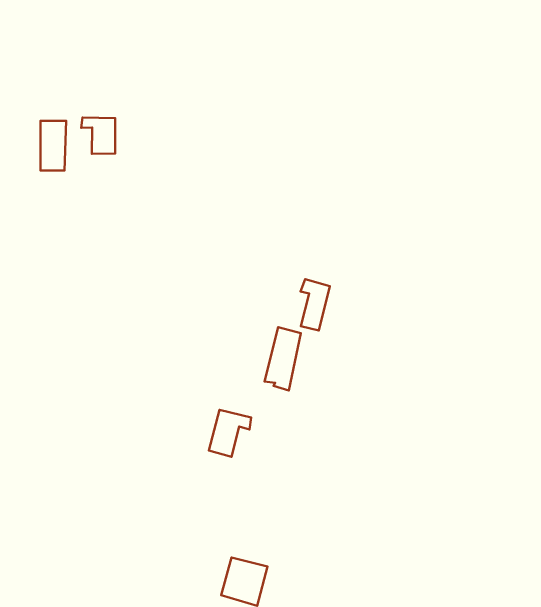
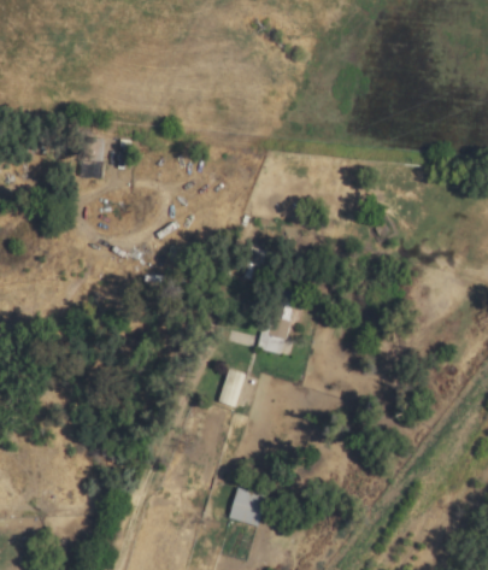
building: [81,118,115,154] -> none
building: [301,279,330,330] -> none

